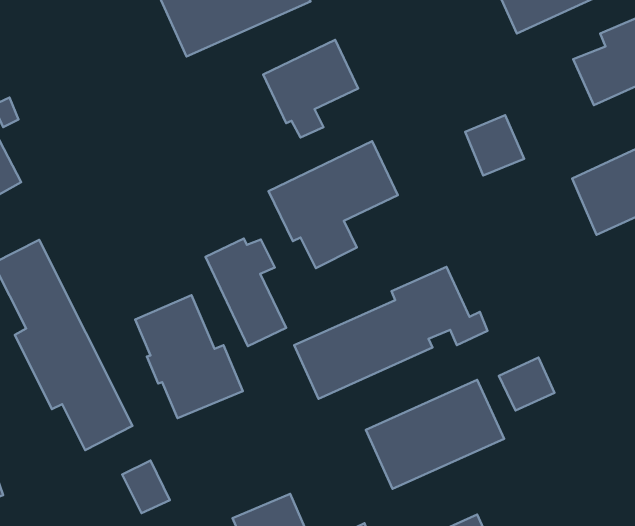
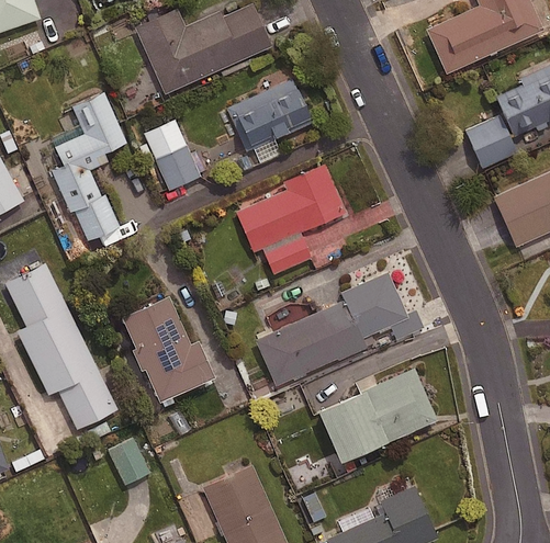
building: none -> [52,92,126,240]
building: none -> [144,120,199,190]
building: [465,115,524,175] -> [465,116,516,168]
building: [205,238,286,346] -> none
building: [499,357,554,410] -> none

